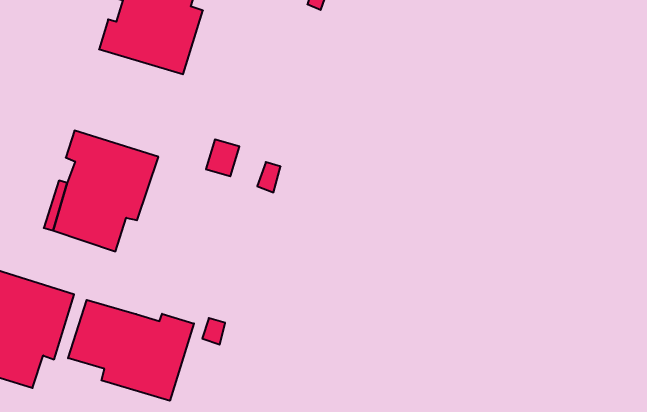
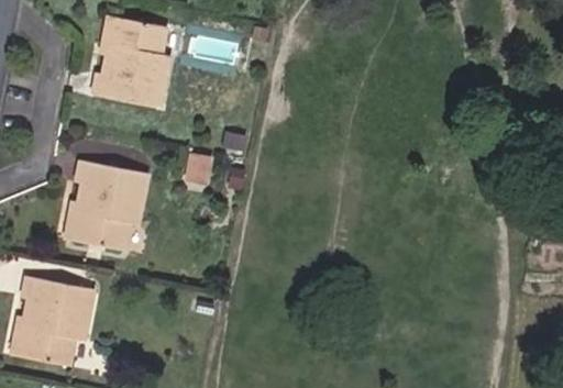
building: [68,300,194,401] -> none

